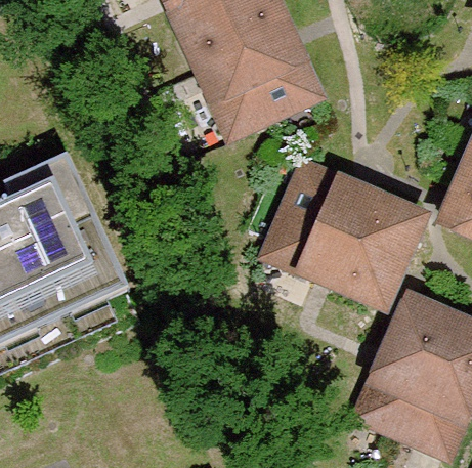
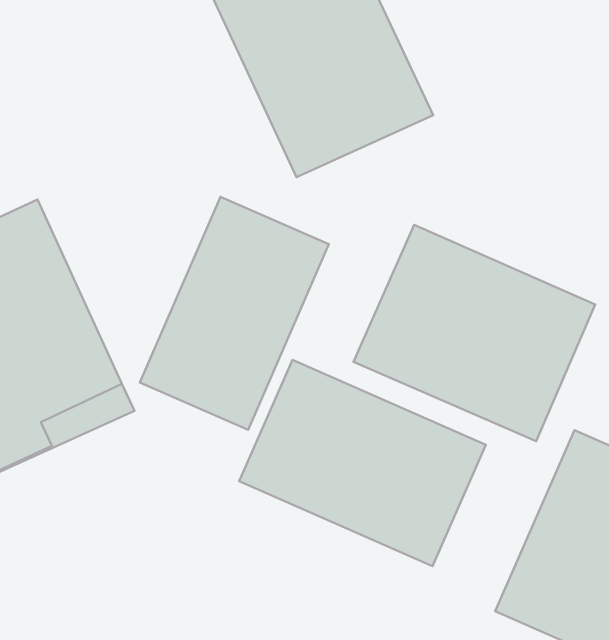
building: none -> [140,197,329,430]
building: none -> [239,360,486,566]

